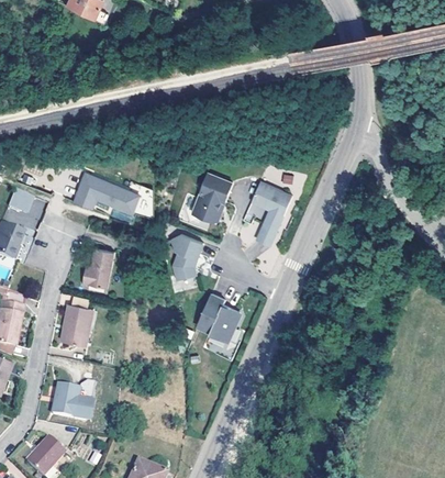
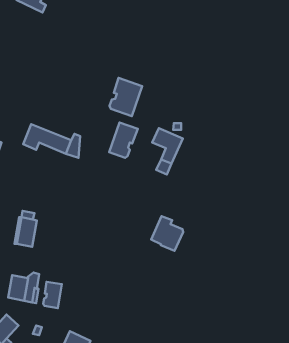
building: none -> [110,78,142,116]
building: [169,234,202,281] -> none
building: [82,248,113,288] -> none
building: [196,294,240,342] -> [151,216,183,251]
building: none -> [43,282,62,308]

